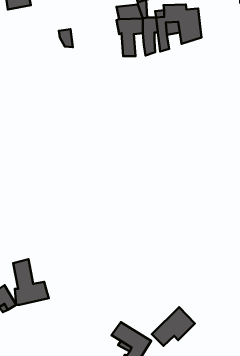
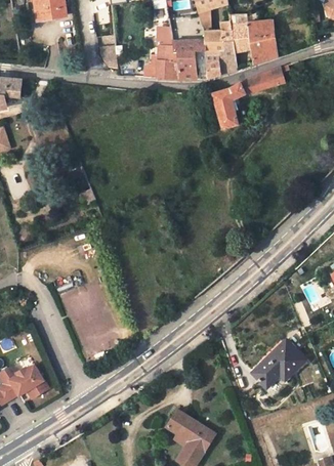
building: none -> [151,33,180,79]
building: none -> [214,67,286,129]
building: [13,259,49,305] -> none
building: [152,307,195,346] -> [252,339,305,387]

